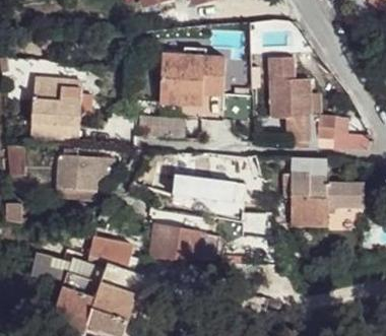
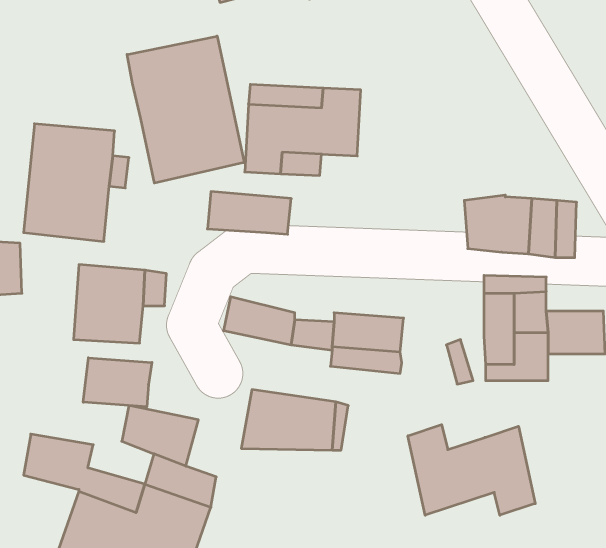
building: none -> [127,36,244,183]
building: [264,58,307,119] -> none
building: none -> [83,358,152,407]
building: none -> [408,425,535,515]

